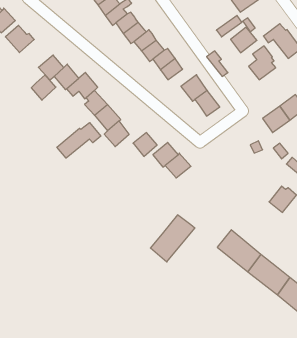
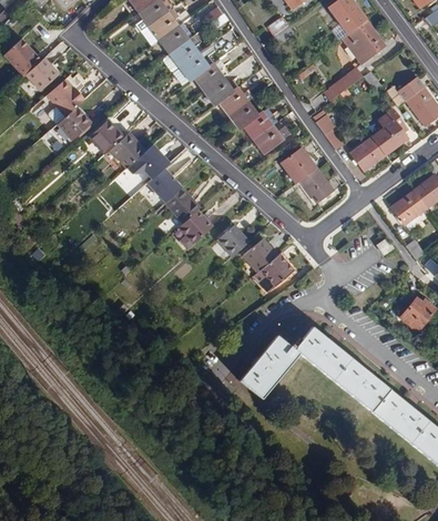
building: [231,27,257,53] -> [350,136,386,171]
building: [31,75,56,100] -> [57,106,90,141]
building: [57,123,101,158] -> none
building: none -> [294,327,348,379]

